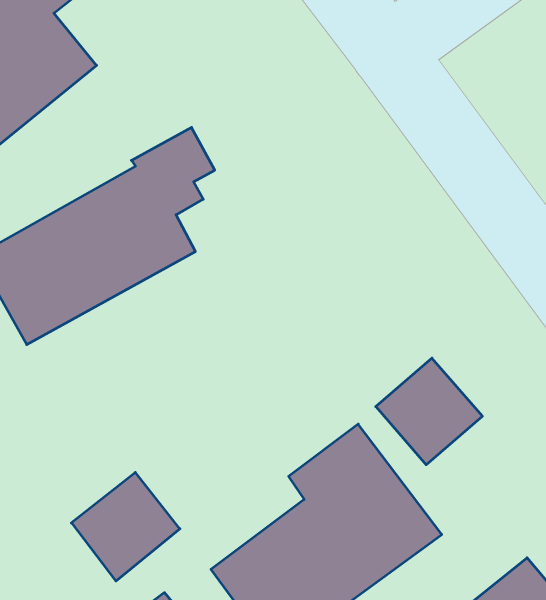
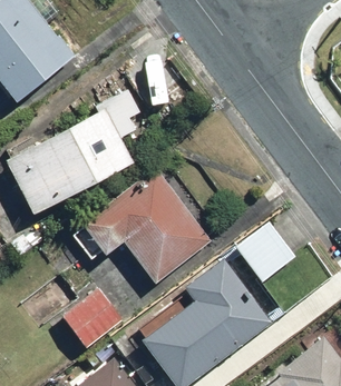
building: none -> [71,167,212,287]

